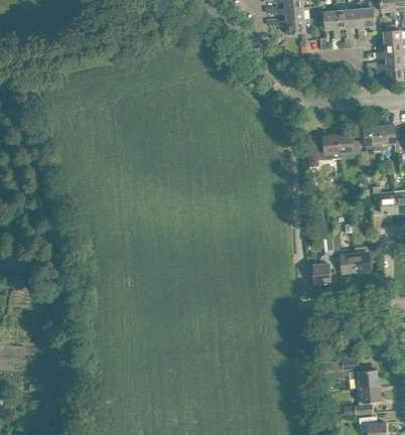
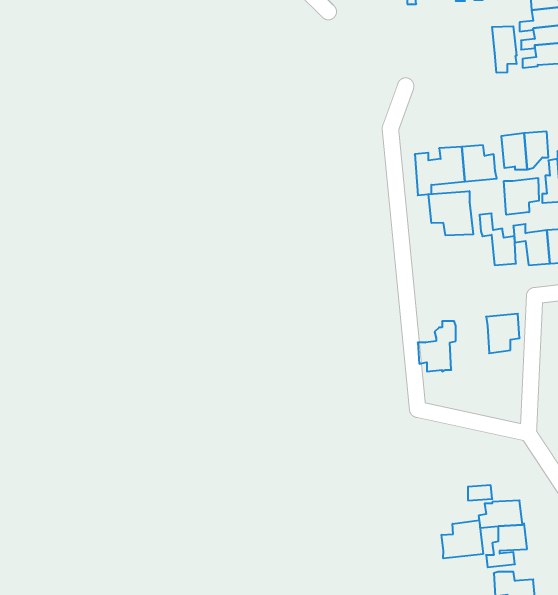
building: none -> [492,26,517,73]
building: none -> [504,178,539,215]
building: none -> [428,191,473,235]
building: [331,239,356,273] -> [479,213,516,265]
building: none -> [442,520,483,558]

